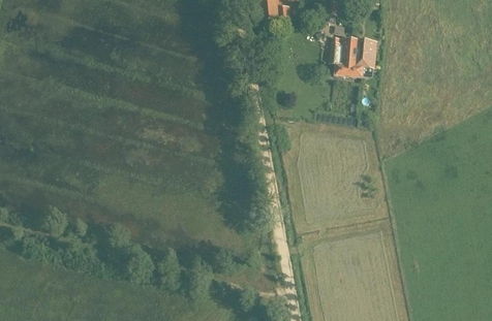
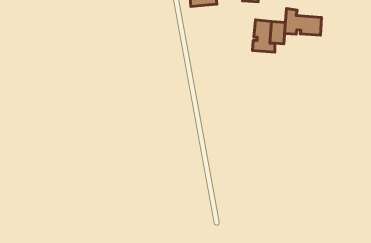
building: none -> [285,9,321,35]

